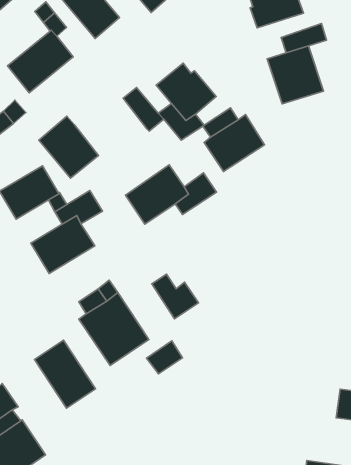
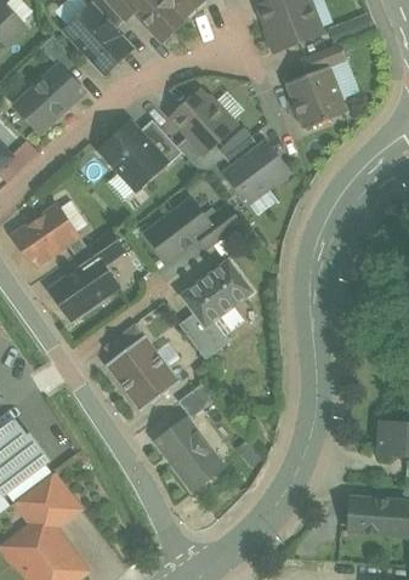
building: [39,116,98,178] -> [101,124,164,188]
building: none -> [180,260,251,328]
building: [35,340,96,408] -> [155,419,221,489]

